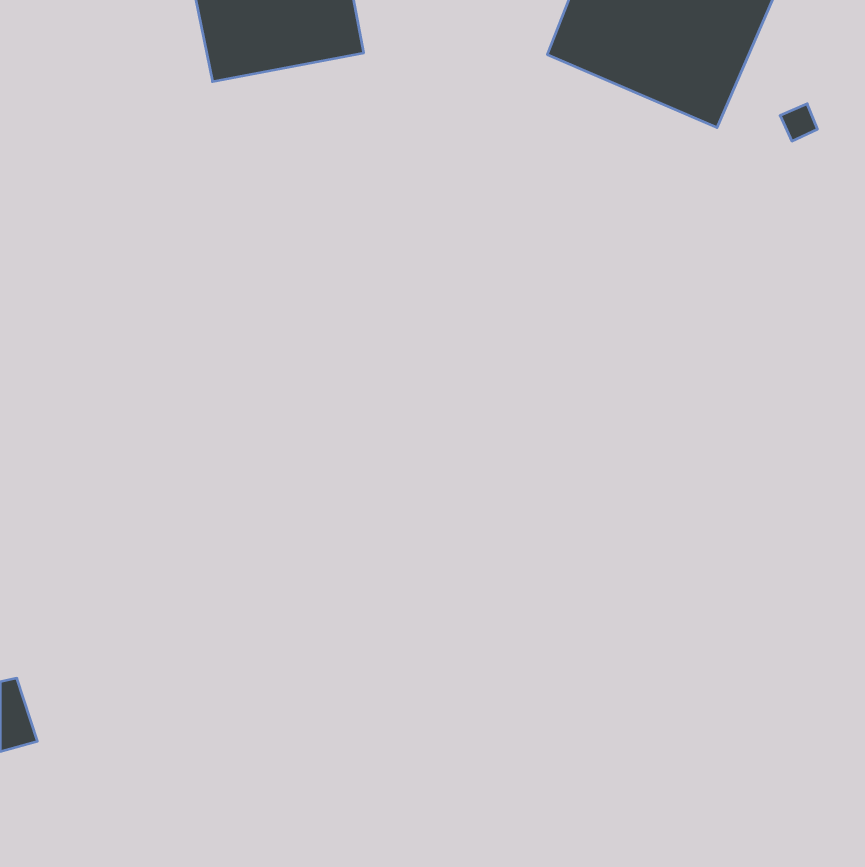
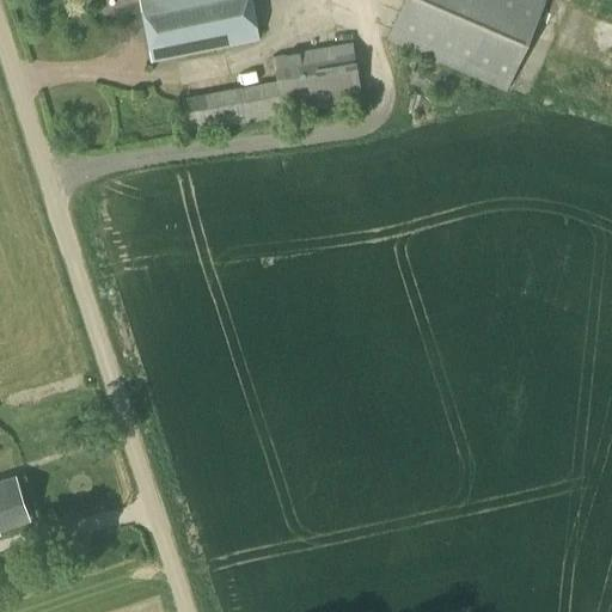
building: none -> [182,41,365,133]

